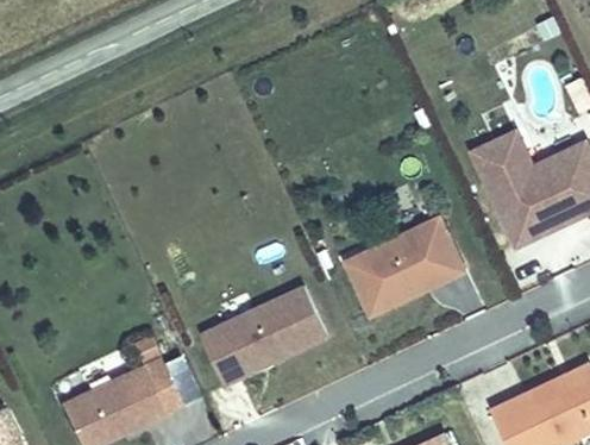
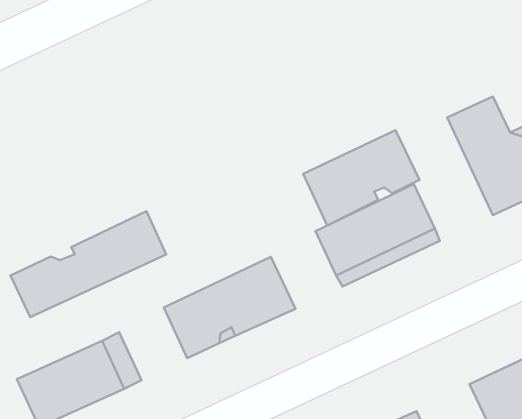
building: none -> [303,130,419,225]
building: none -> [11,211,166,317]

